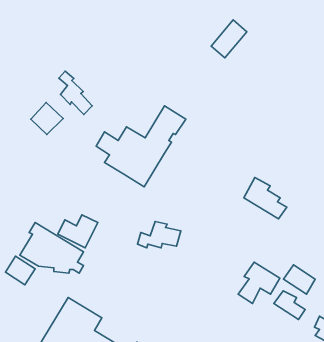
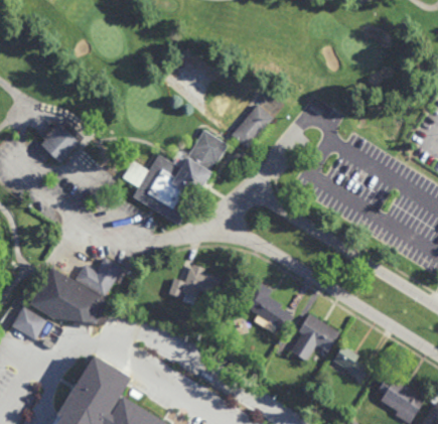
building: [211,20,247,58] -> [231,102,273,147]
building: [59,71,92,114] -> none
building: [244,177,287,219] -> [240,280,291,329]
building: [283,265,315,294] -> none

